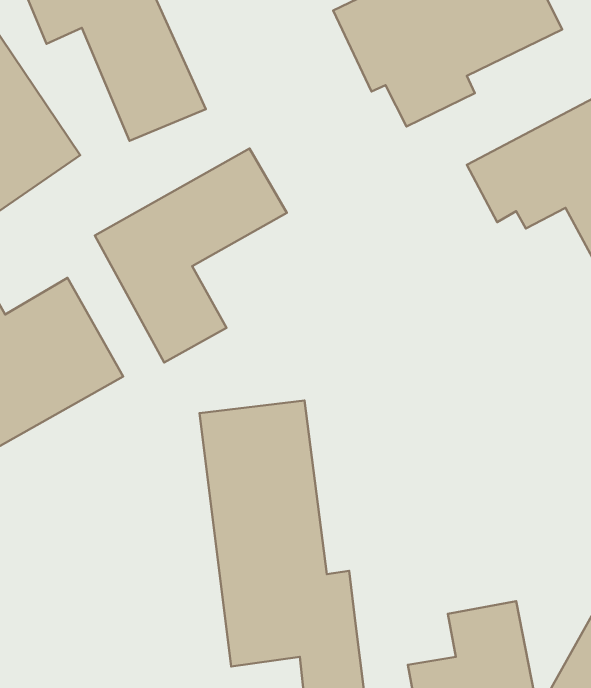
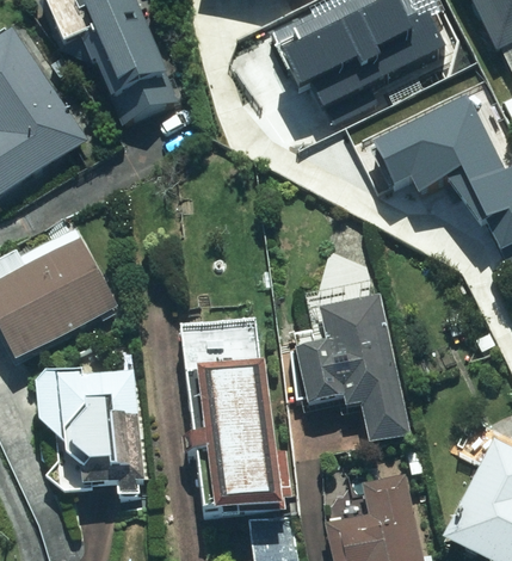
building: [95,149,287,362] -> none
building: none -> [295,288,409,440]
building: none -> [37,365,146,499]

